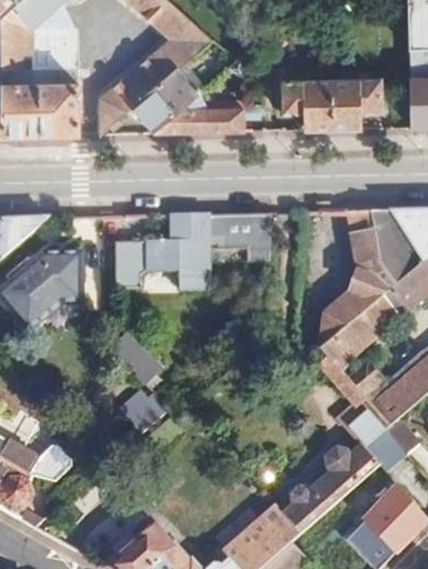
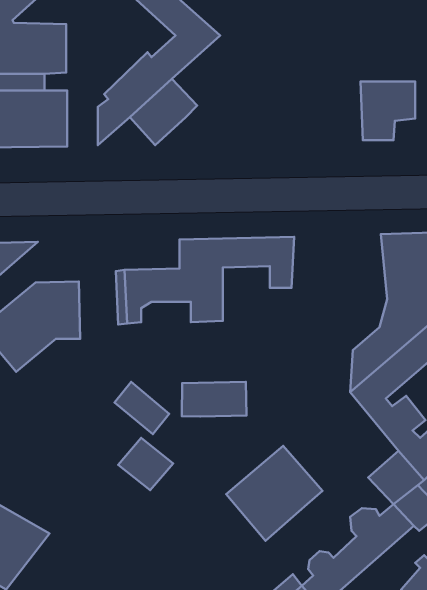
building: [279,78,332,129] -> none
building: [151,108,239,133] -> none
building: none -> [182,382,247,416]
building: none -> [226,446,323,541]

